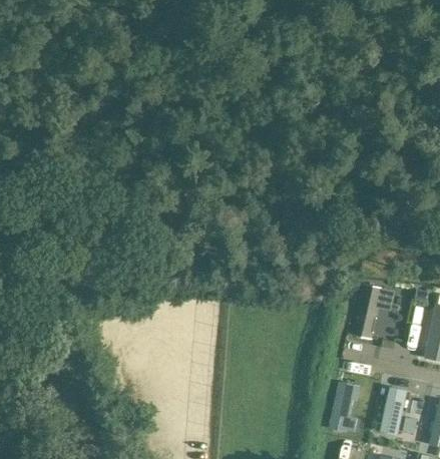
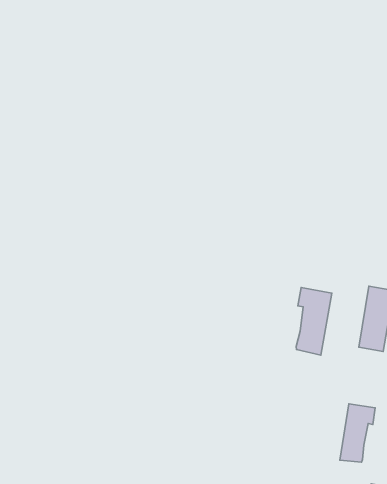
building: none -> [296,288,332,355]

